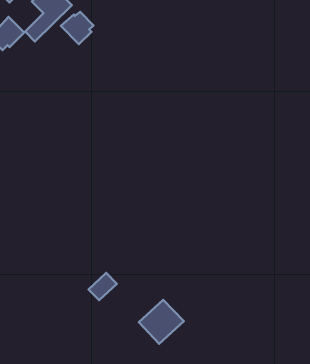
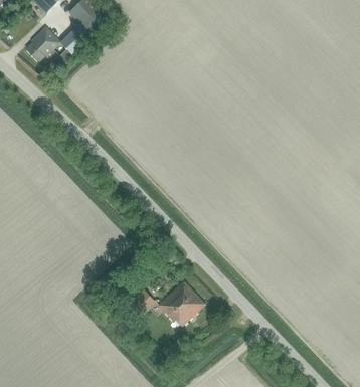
building: [61,12,93,44] -> none
building: [139,300,184,344] -> [160,282,206,328]

